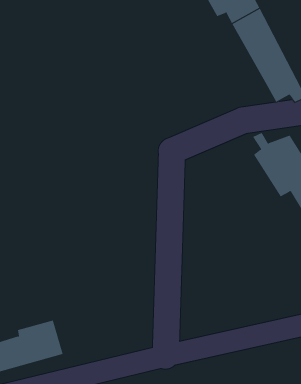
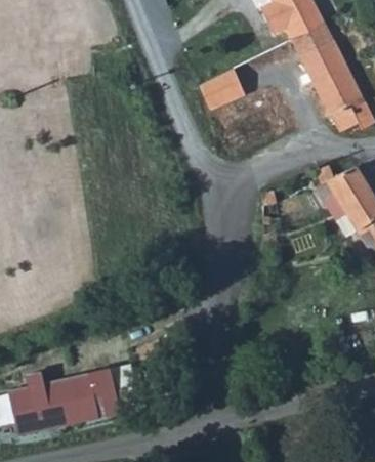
building: none -> [199,68,243,108]
building: none -> [90,370,129,419]

